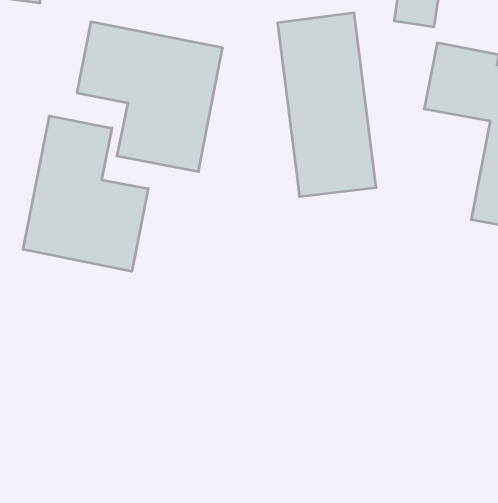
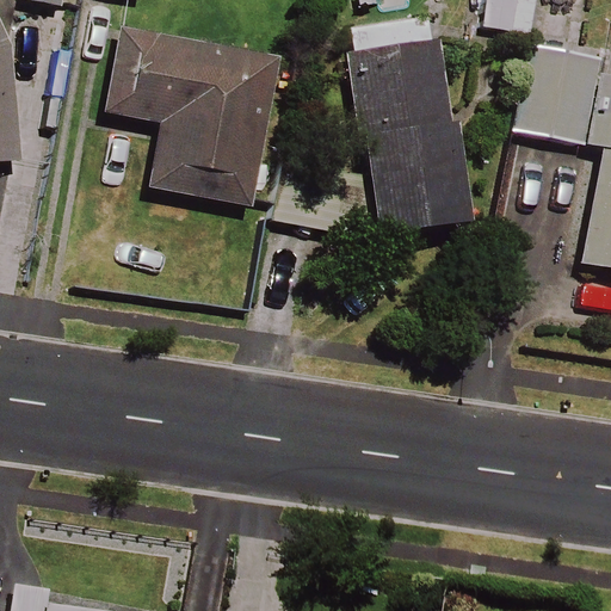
building: [23,116,148,271] -> none

